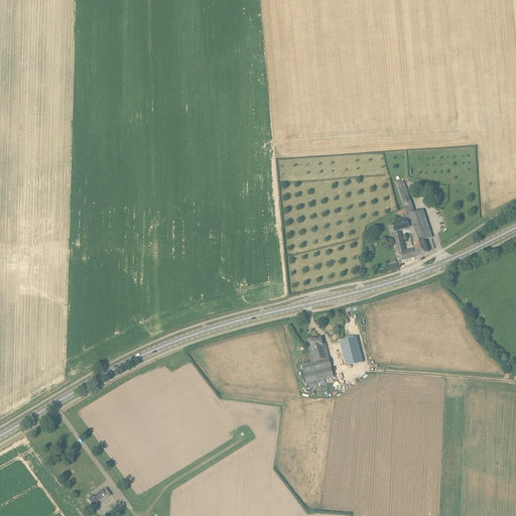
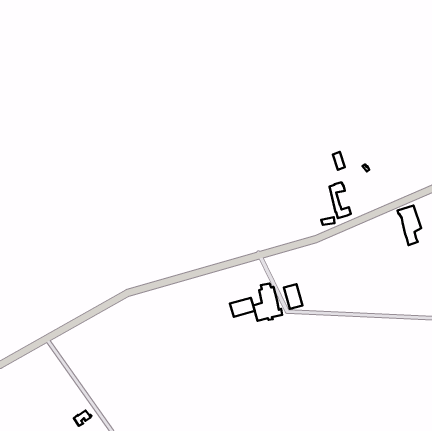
building: [405,207,433,254] -> [398,205,421,245]
building: none -> [230,298,255,317]

